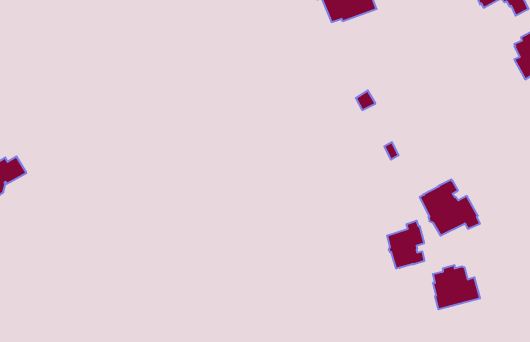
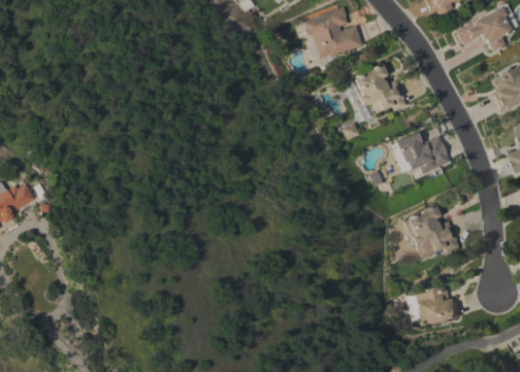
building: none -> [354,64,408,113]
building: none -> [394,131,450,174]
building: [387,221,424,269] -> none

